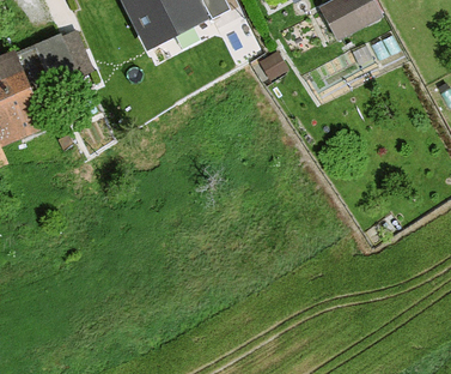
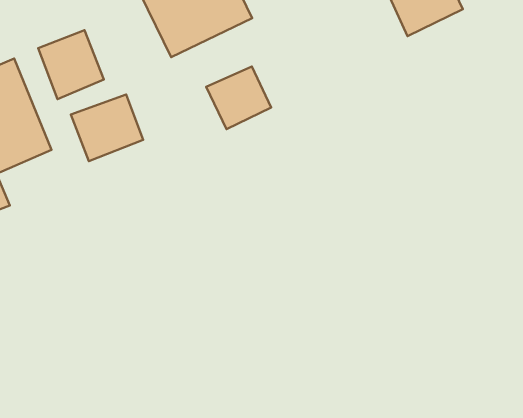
building: none -> [206,66,271,129]
building: none -> [71,95,143,161]

